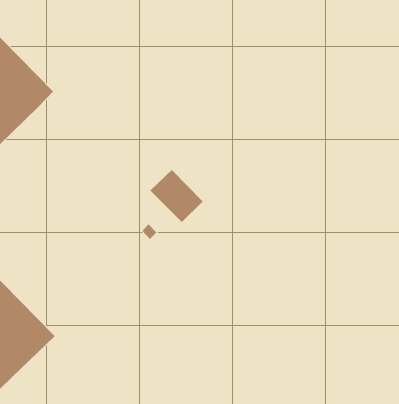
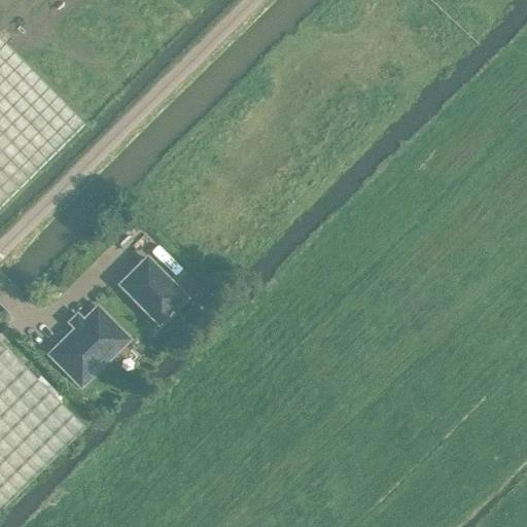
building: [150,169,203,223] -> [118,256,185,323]
building: none -> [48,307,127,385]

